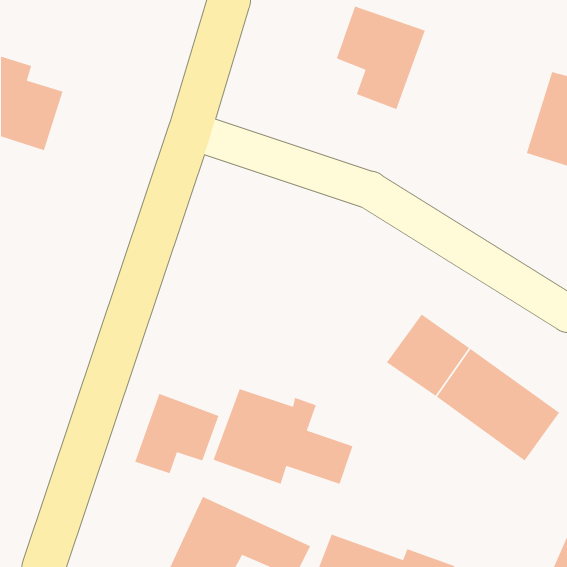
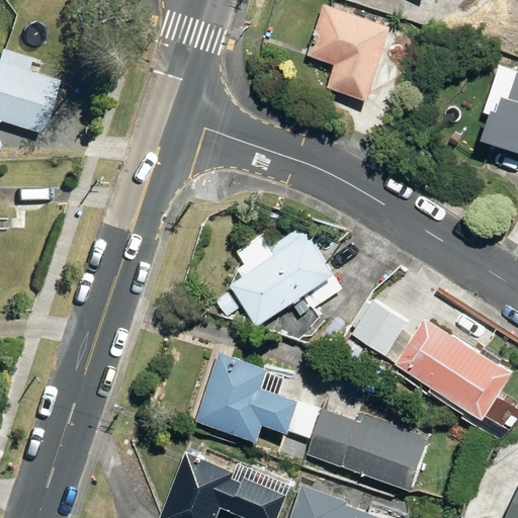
building: none -> [228,227,345,328]
building: [134,393,220,474] -> none
building: none -> [305,413,430,494]

